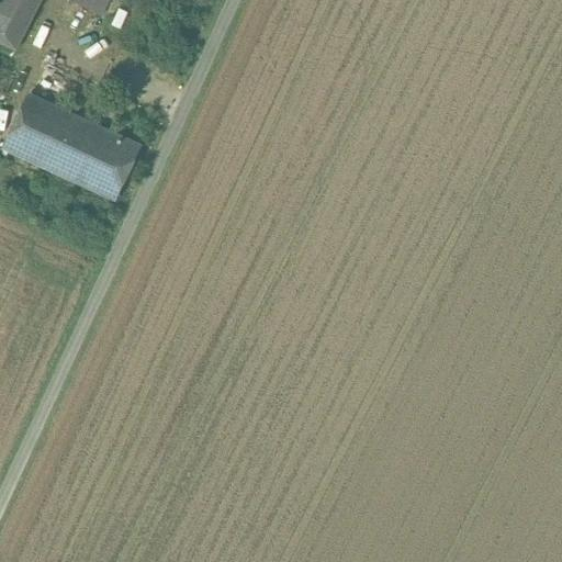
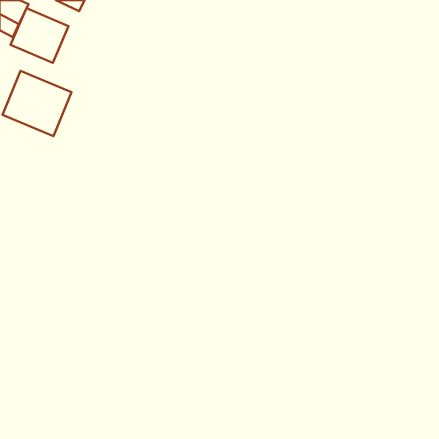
building: none -> [11,8,69,63]
building: [68,120,140,195] -> none

